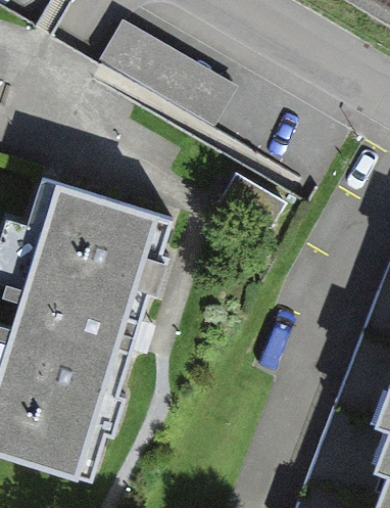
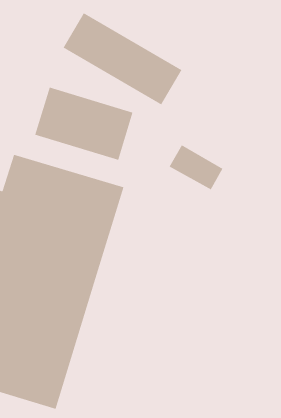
building: none -> [34,86,134,161]

